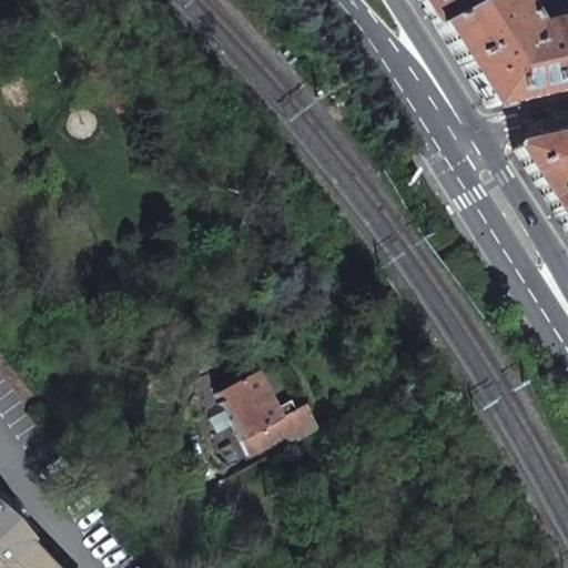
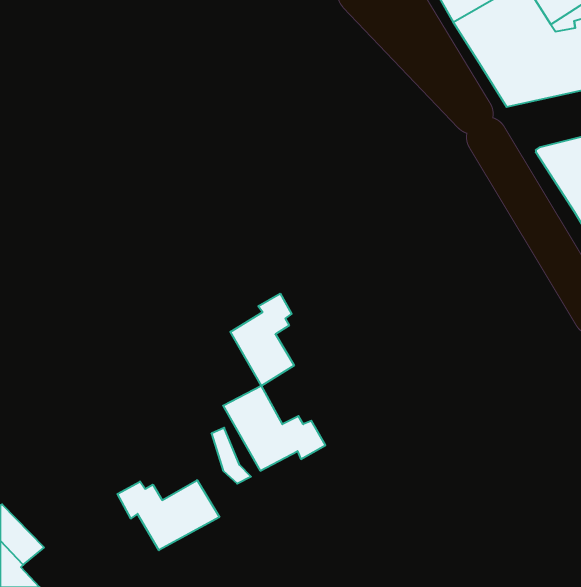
building: none -> [230,294,294,386]
building: none -> [117,480,219,550]

